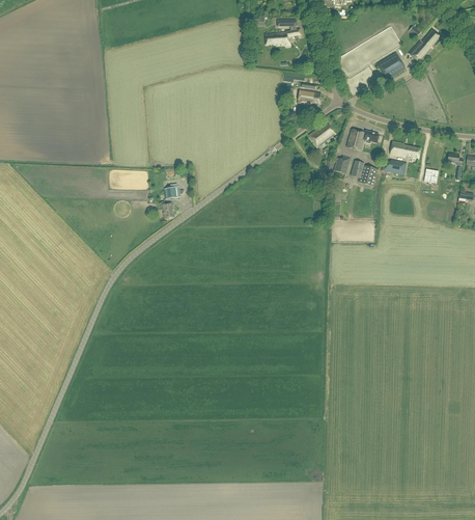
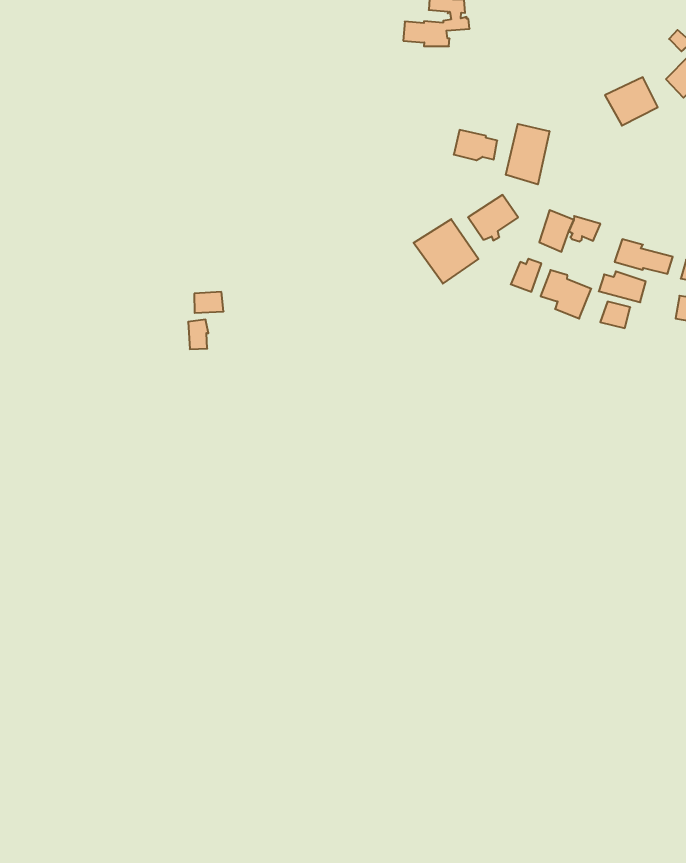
building: none -> [506,124,549,184]
building: none -> [414,219,478,284]

